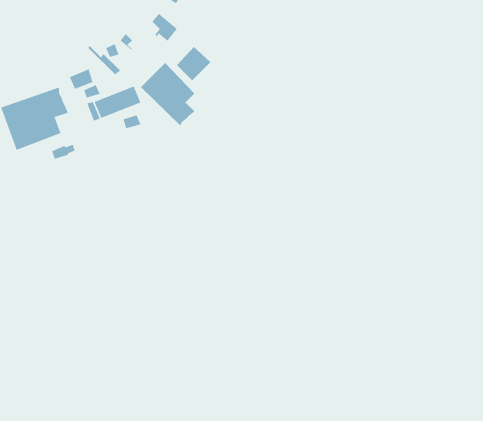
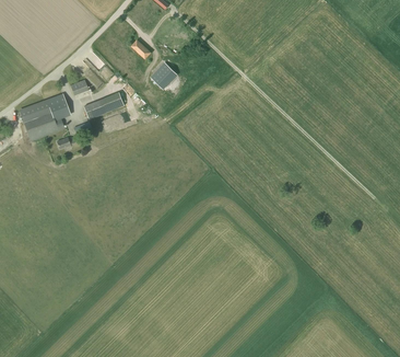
building: [140,62,195,126] -> none

